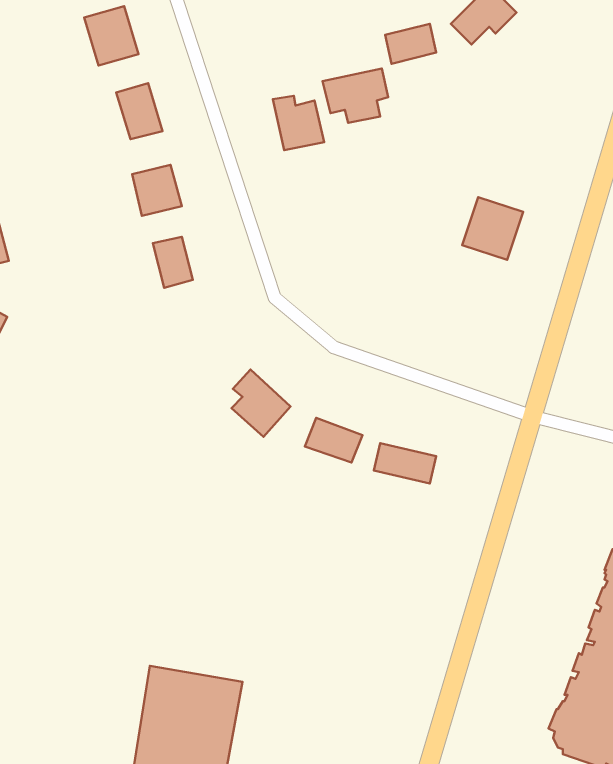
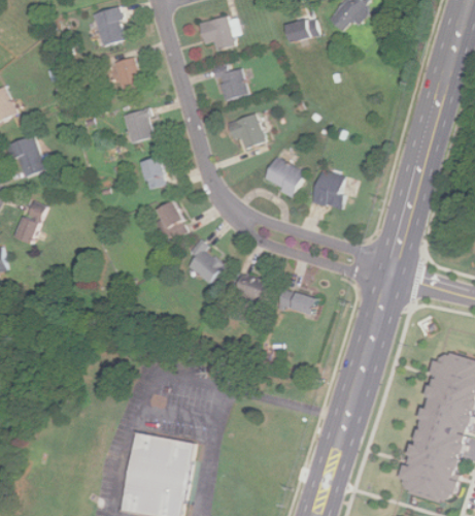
building: [322,68,388,123] -> [199,15,241,51]
building: none -> [231,115,265,151]
building: [462,197,523,260] -> [312,170,351,211]
building: none -> [264,157,306,197]
building: none -> [150,199,185,240]

